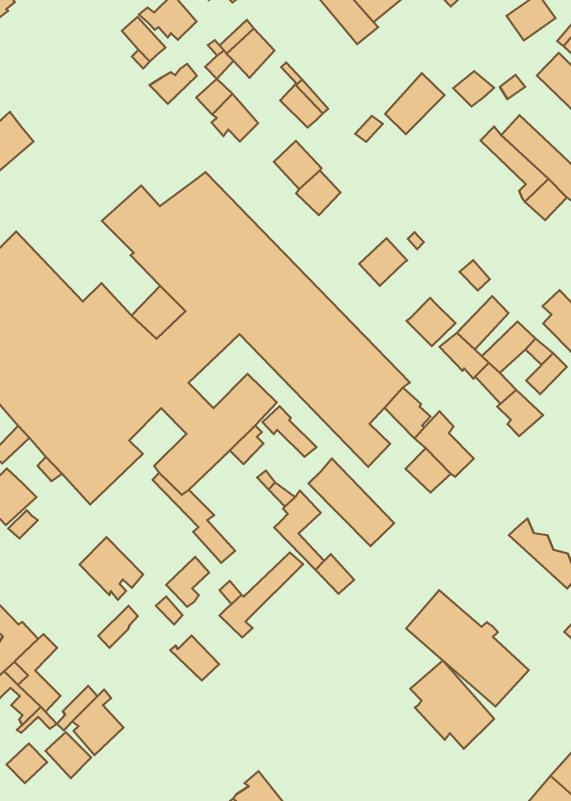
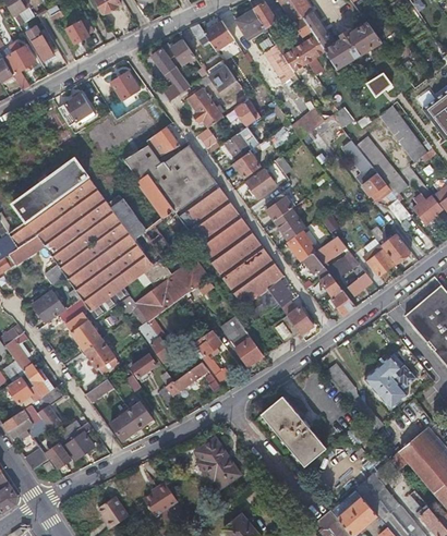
building: none -> [109,71,140,100]
building: none -> [147,126,179,157]
building: none -> [246,167,277,197]
building: none -> [275,209,304,241]
building: none -> [67,315,100,351]
building: none -> [110,406,142,439]
building: [410,660,494,749] -> [195,437,240,488]

